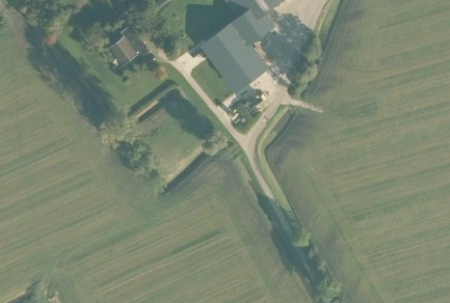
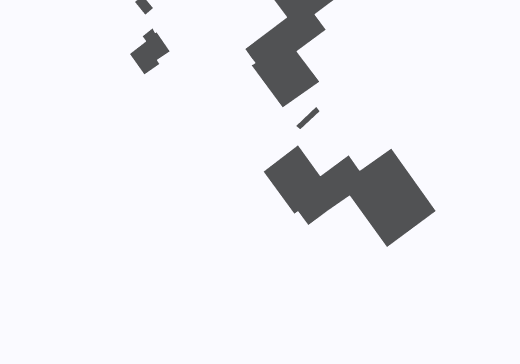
building: none -> [262,144,437,248]

